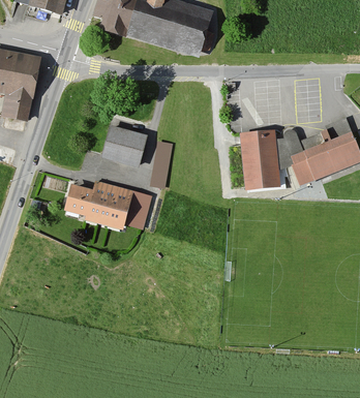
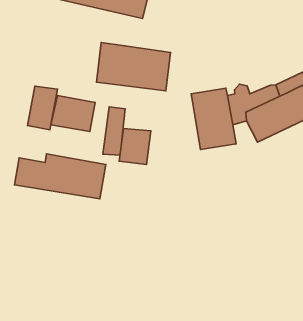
building: none -> [96,43,171,91]
building: none -> [27,86,58,130]
building: none -> [119,128,151,165]

